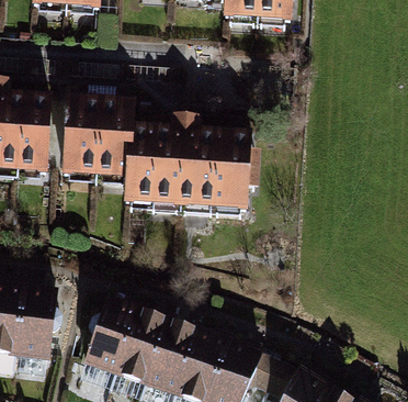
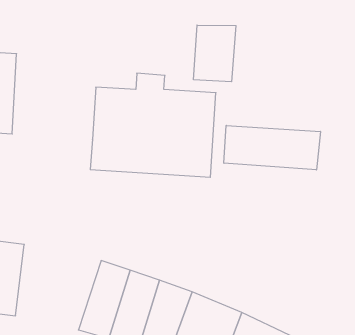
building: none -> [194,25,236,82]
building: [60,94,132,180] -> none
building: none -> [224,125,320,170]
building: [81,293,135,373] -> none

